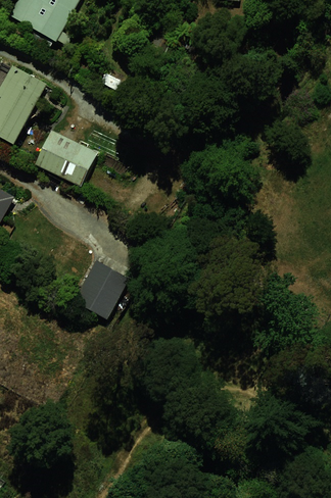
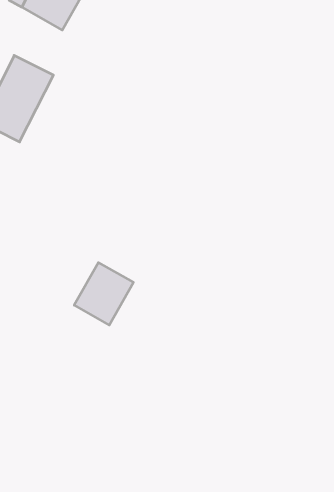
building: [34,128,96,184] -> none

